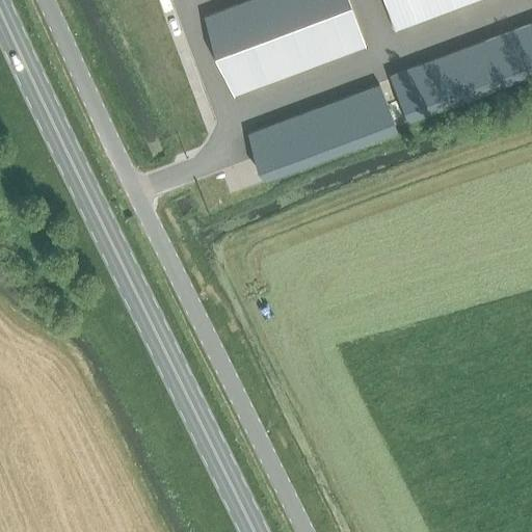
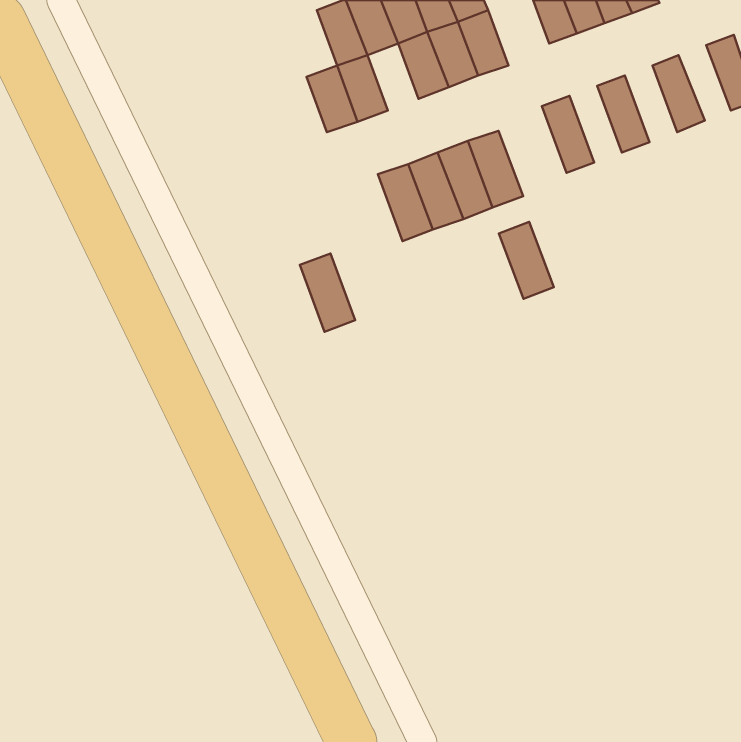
building: [206,7,242,55] -> none
building: [264,31,300,79] -> none
building: [486,32,524,86] -> none
building: [448,47,485,102] -> none
building: [408,61,446,116] -> none
building: [357,85,397,140] -> [499,222,554,299]
building: [249,125,289,181] -> [300,253,355,332]

